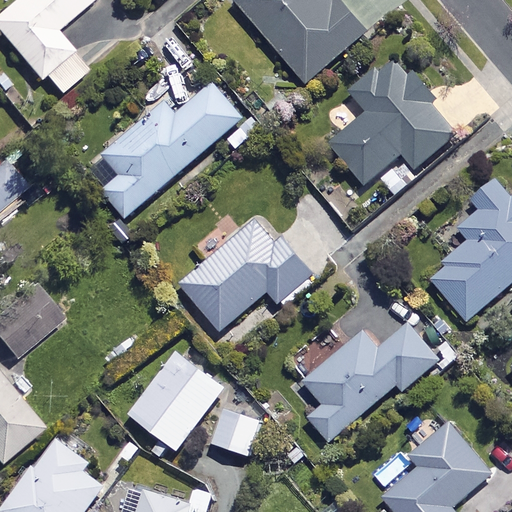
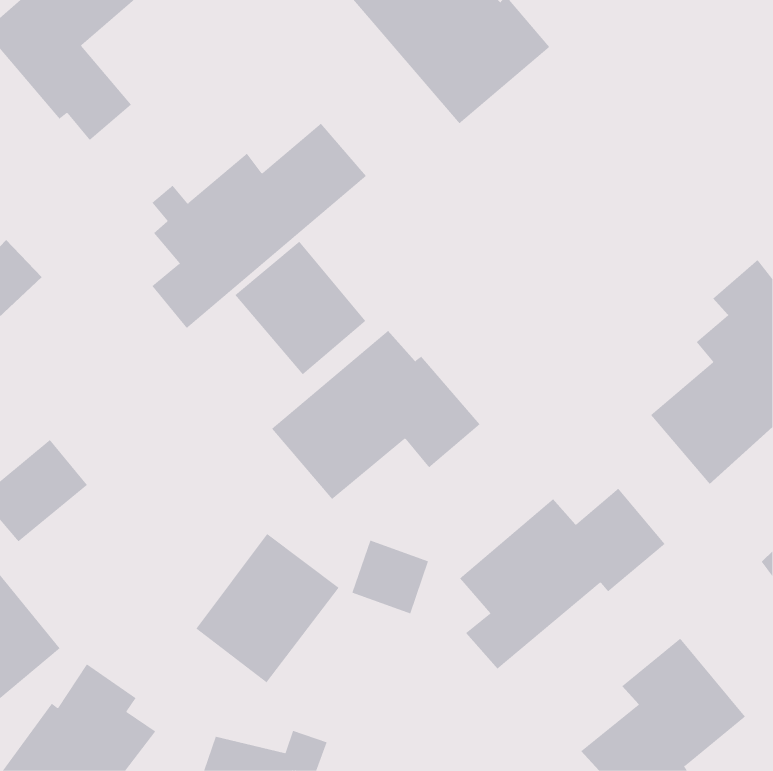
building: [329,50,455,193] -> none
building: none -> [235,241,366,375]
building: [211,409,262,458] -> [352,540,429,614]

